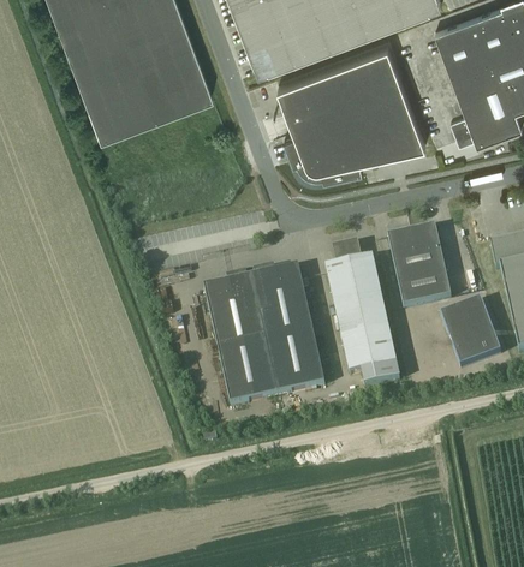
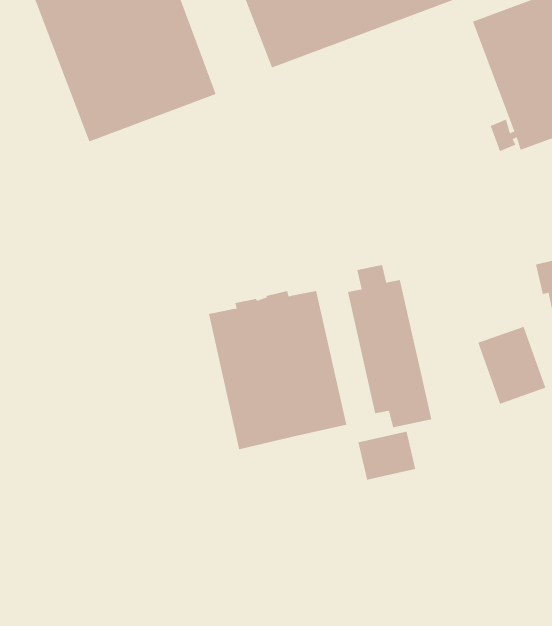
building: [279,47,425,183] -> none
building: [388,227,452,310] -> none
building: none -> [358,431,416,481]

